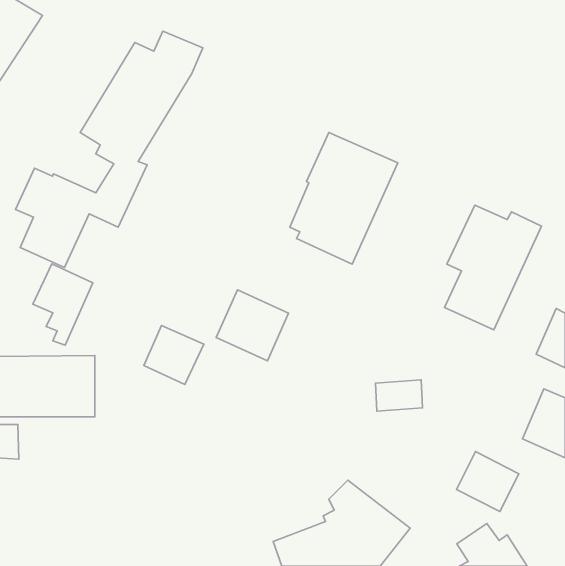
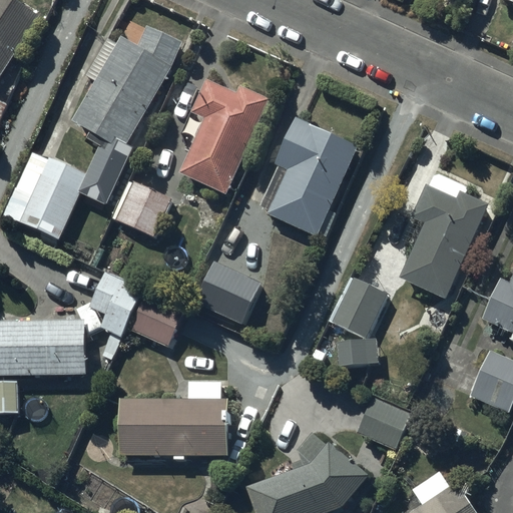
building: none -> [178,79,272,194]
building: none -> [111,178,172,235]
building: [33,264,93,345] -> [88,271,142,344]
building: none -> [327,276,384,337]
building: none -> [119,404,227,462]
building: [456,452,519,512] -> [355,396,411,450]

